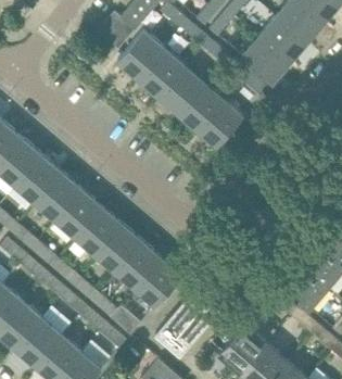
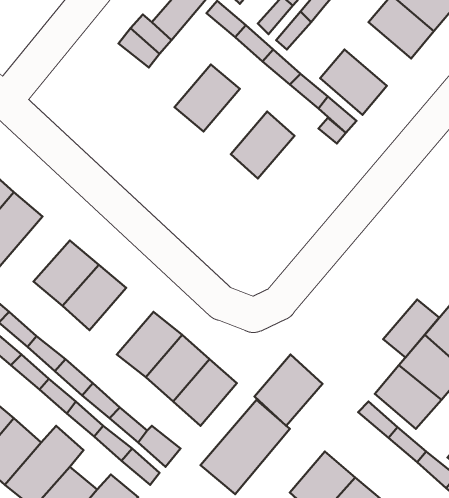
building: [258,18,306,64] -> none
building: [117,31,163,79] -> none
building: [157,66,203,113] -> none
building: [197,100,243,148] -> none
building: [16,157,62,204] -> none
building: [76,209,122,256] -> none
building: none -> [383,300,439,357]
building: none -> [254,354,322,426]

